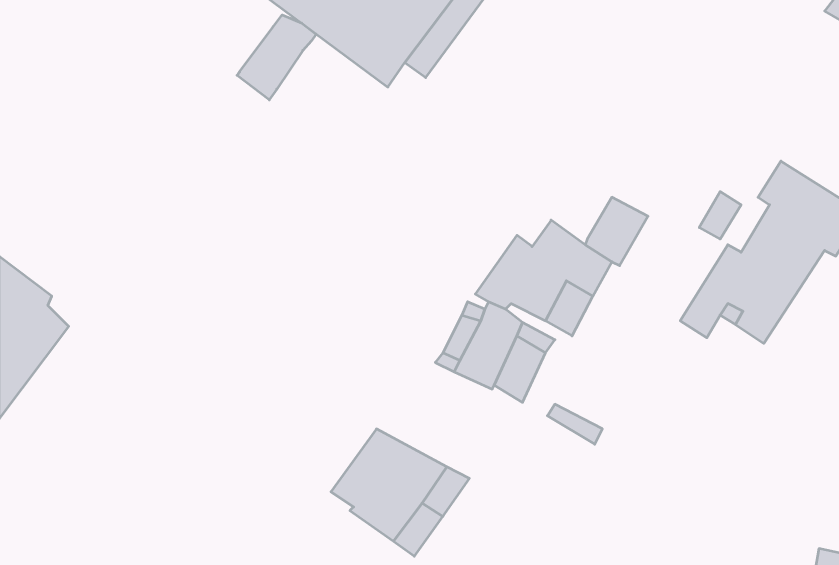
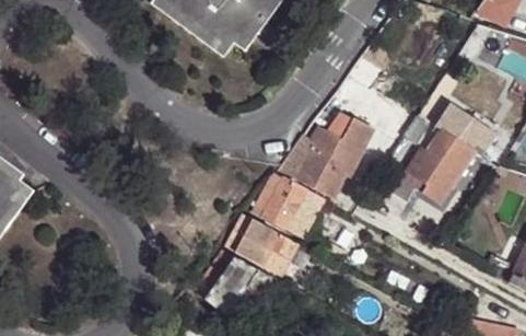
building: [237,15,316,100] -> none
building: none -> [222,210,299,275]

